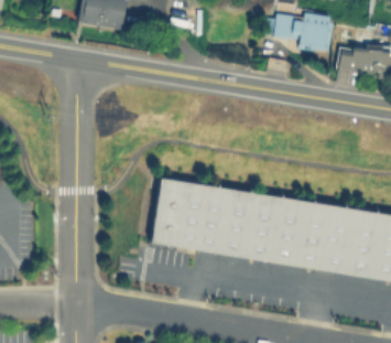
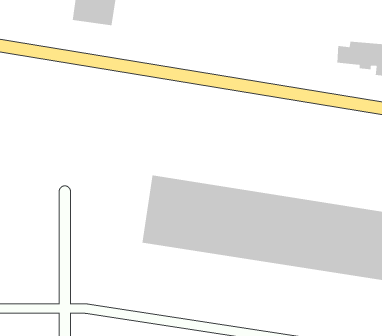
building: [271,12,330,50] -> none

